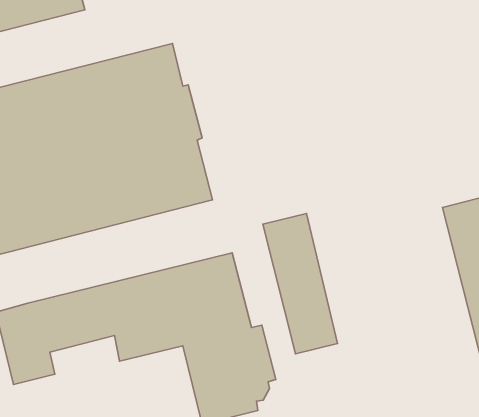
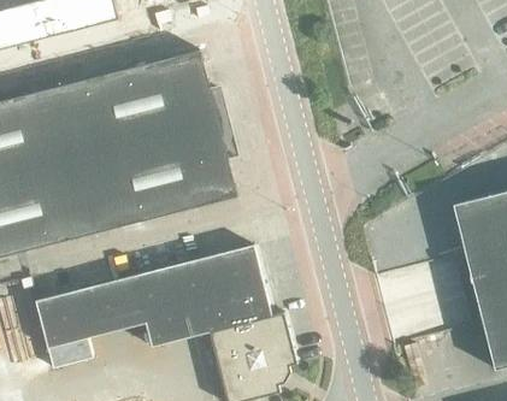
building: [263,214,338,354] -> none

